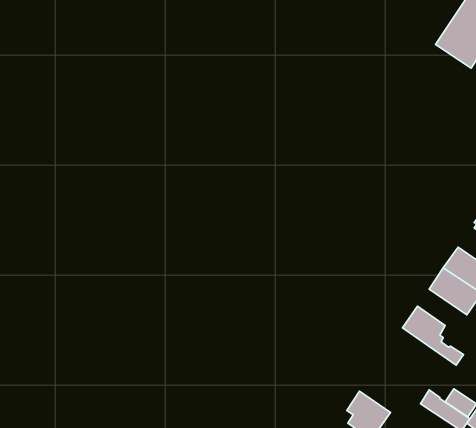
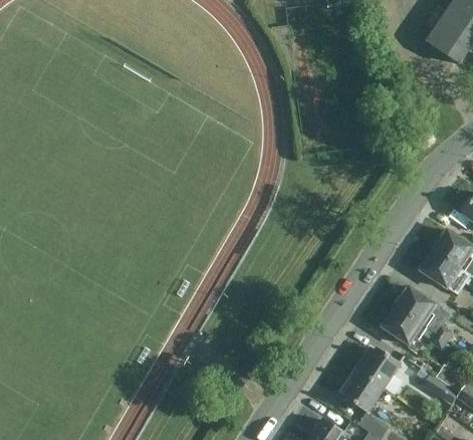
building: none -> [383,307,446,351]
building: none -> [356,350,400,387]

